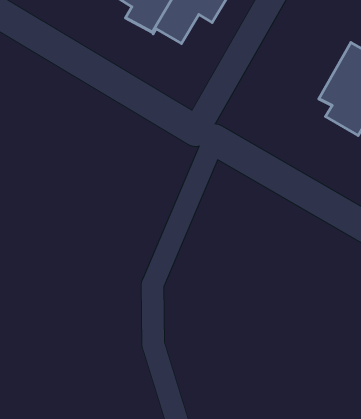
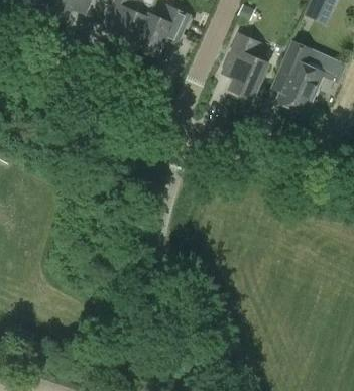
building: none -> [229,33,268,98]

